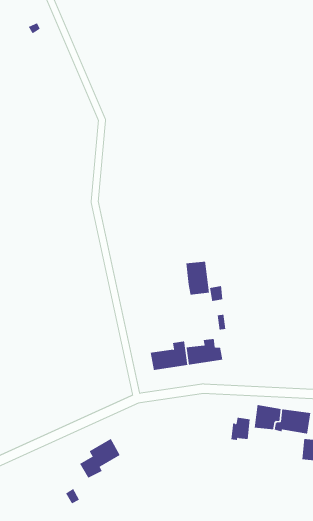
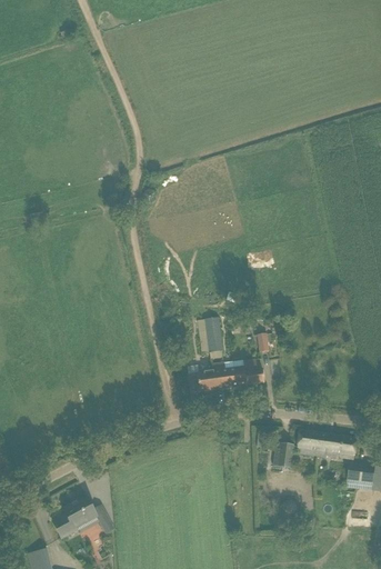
building: [186,261,210,295] -> [197,317,222,352]
building: [79,438,121,479] -> [51,495,94,537]

